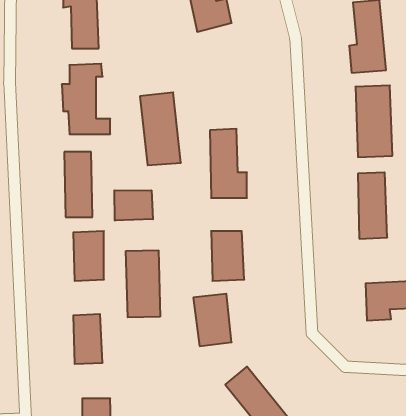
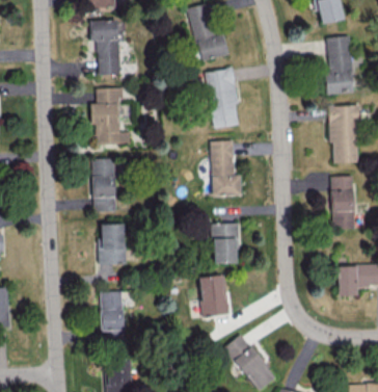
building: [140,92,181,165] -> [206,69,239,128]
building: [114,190,153,221] -> none
building: [126,250,160,317] -> none

